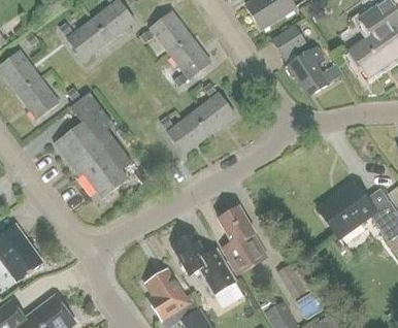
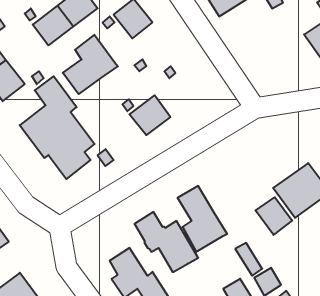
building: [273,24,343,92] -> none
building: [171,36,211,78] -> none
building: none -> [63,35,118,94]
building: [194,92,236,134] -> none
building: none -> [255,197,292,235]

